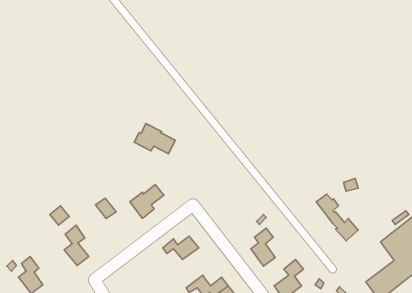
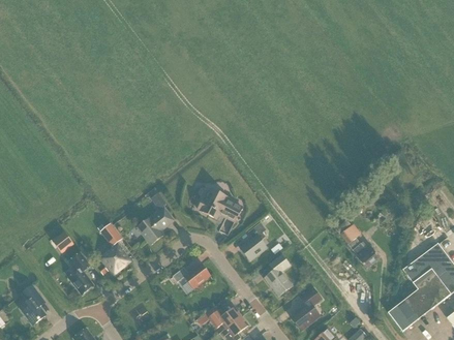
building: [134,124,175,154] -> [199,189,242,221]
building: none -> [240,223,267,260]
building: none -> [101,245,130,273]

